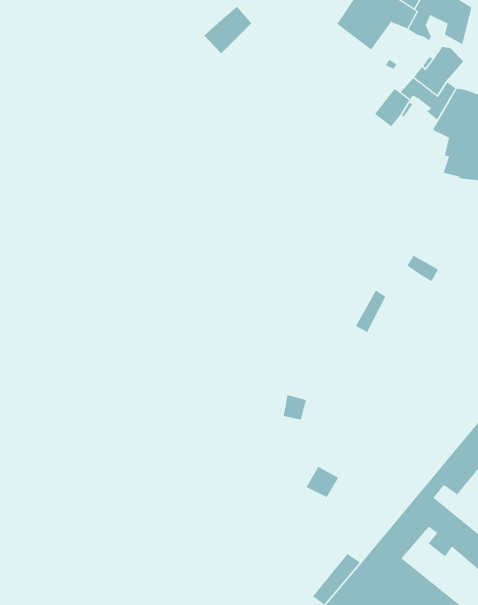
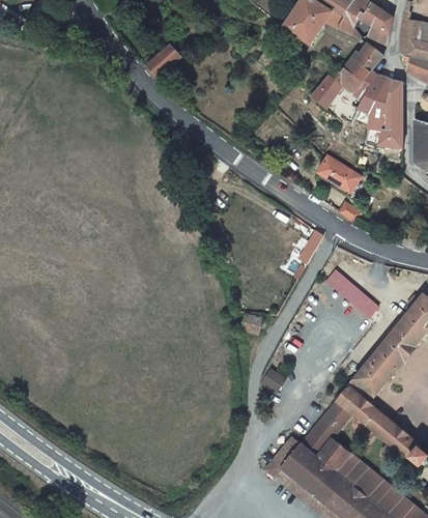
building: [204,6,252,54] -> [142,42,179,80]
building: none -> [315,157,360,196]
building: none -> [323,268,378,319]

